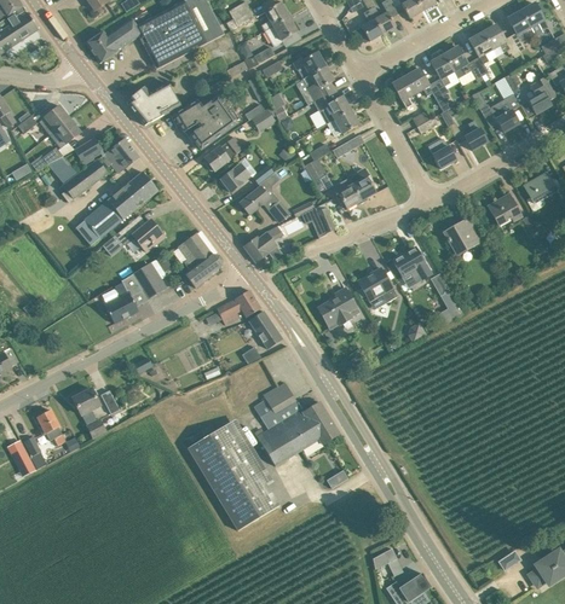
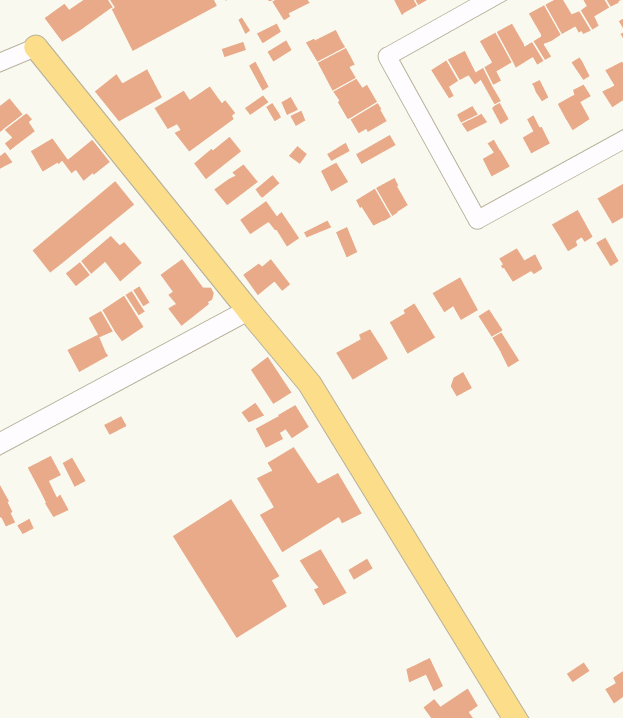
building: [62,159,108,201] -> none
building: [217,289,260,324] -> [255,404,310,448]
building: none -> [299,548,347,606]

